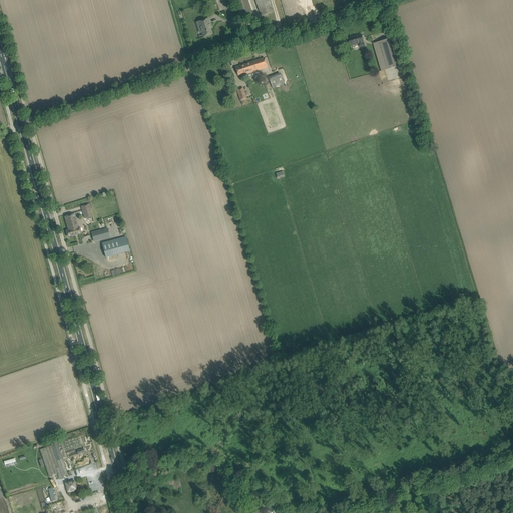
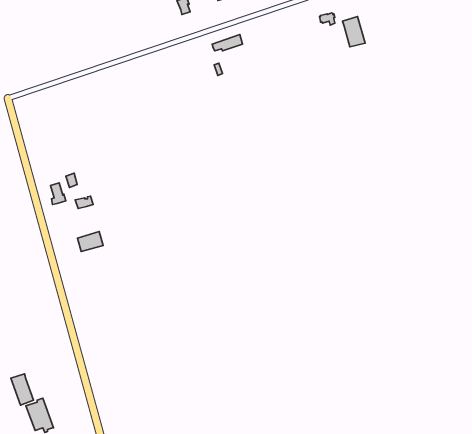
building: [102,235,129,256] -> [77,231,103,251]
building: none -> [11,374,33,405]

